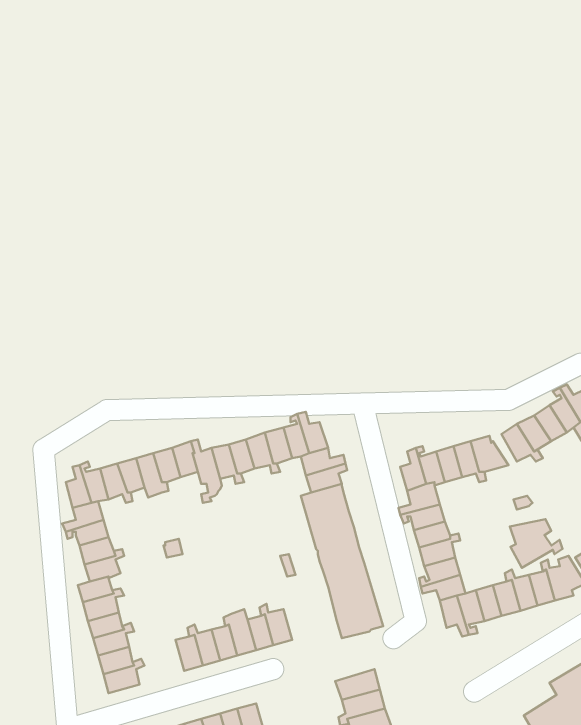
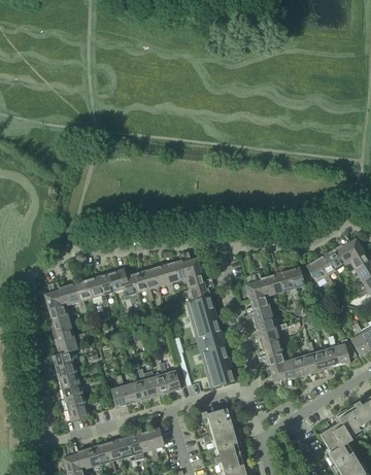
building: [510,519,563,568] -> none

